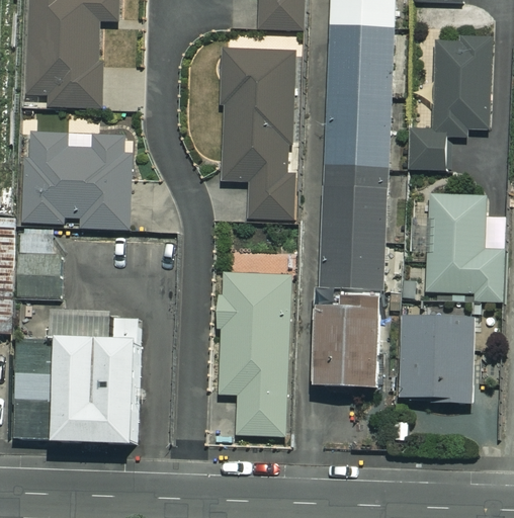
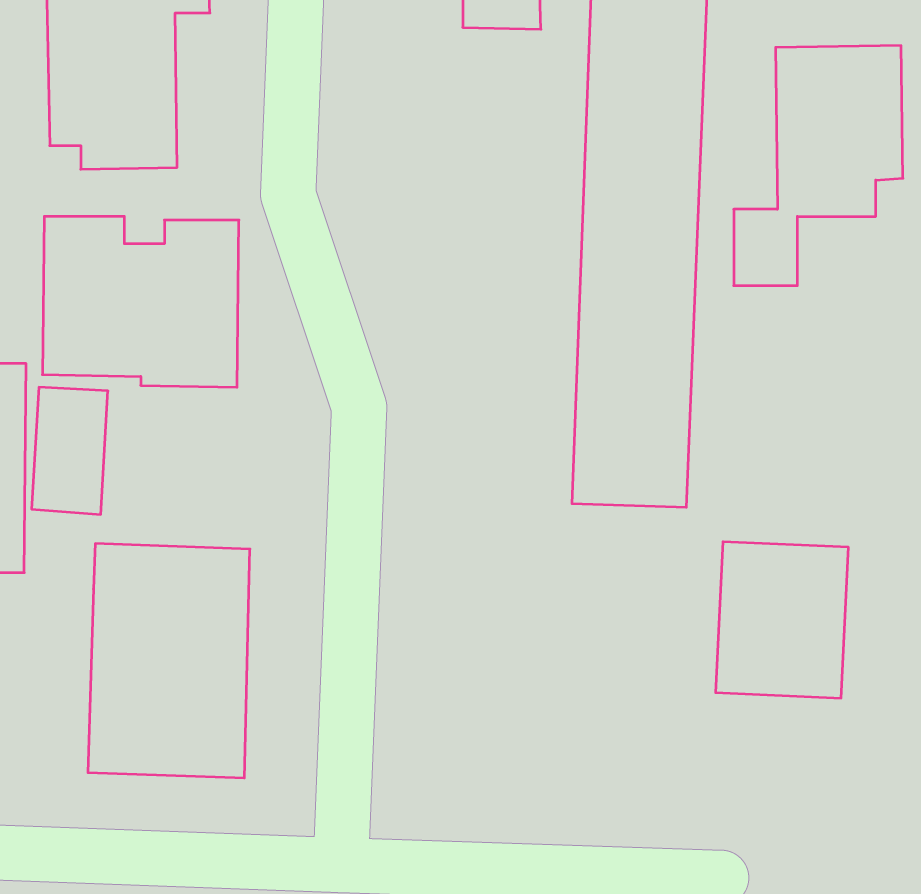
building: [222,50,294,219] -> none
building: [427,192,506,299] -> none
building: [219,272,291,435] -> none
building: [315,292,382,388] -> none
building: [14,339,53,442] -> none

